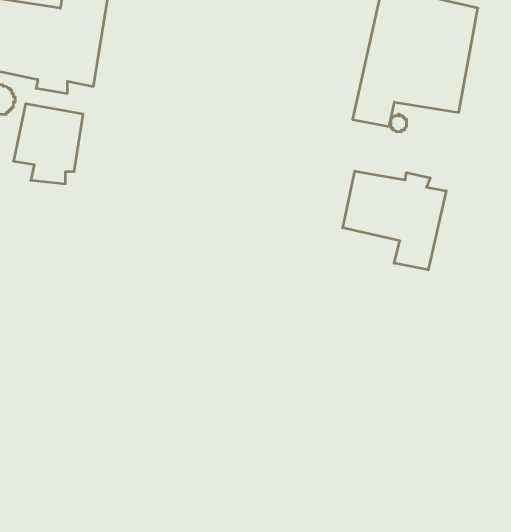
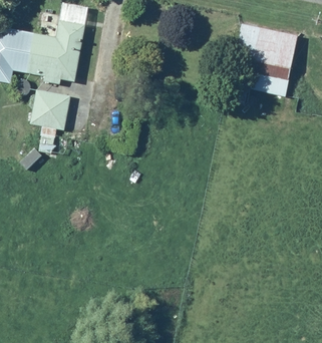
building: [343,171,446,270] -> none

